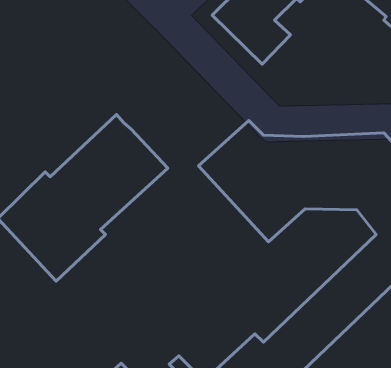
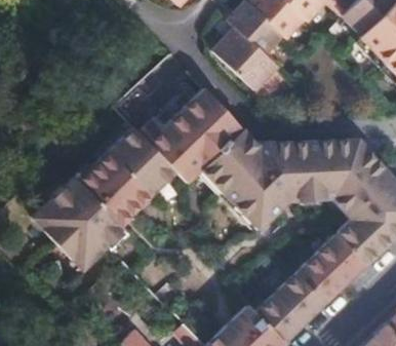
building: none -> [138,88,243,181]

